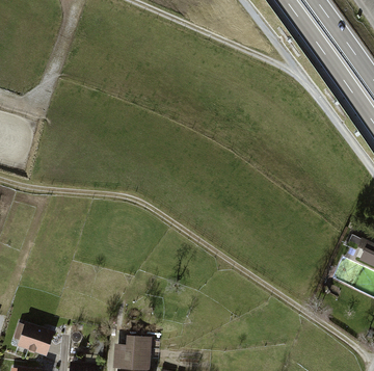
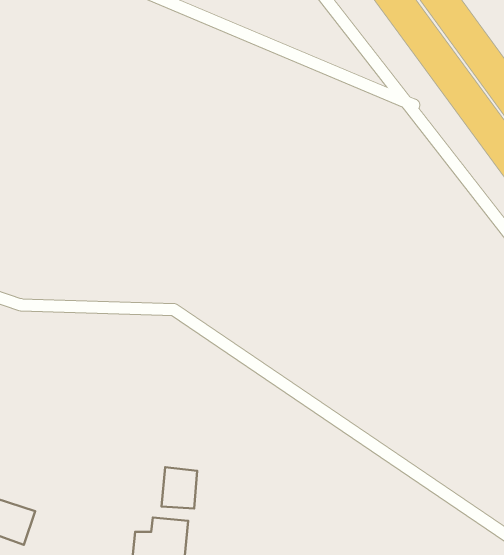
building: none -> [162,467,197,508]

